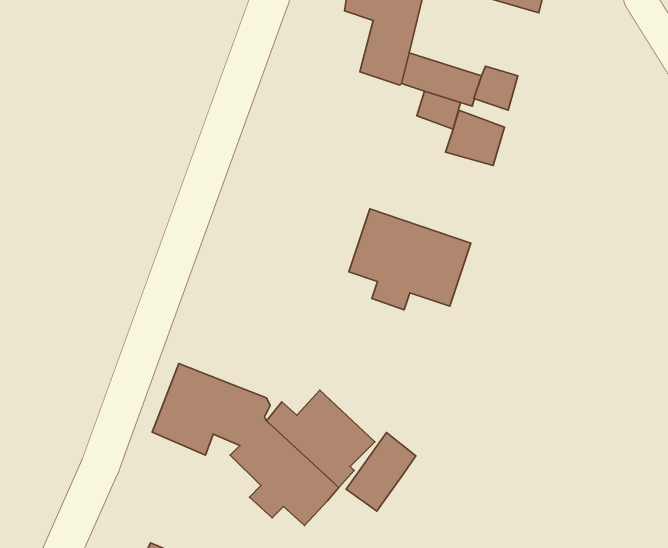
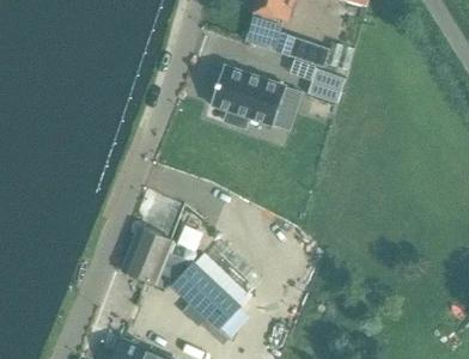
building: [349,209,471,310] -> [211,66,287,129]
building: [346,433,416,511] -> none

